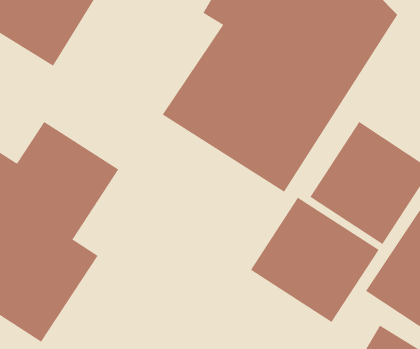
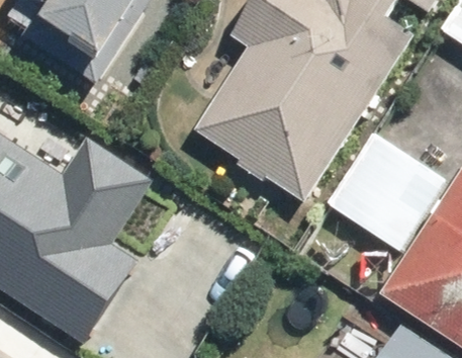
building: [250,197,379,323] -> none

